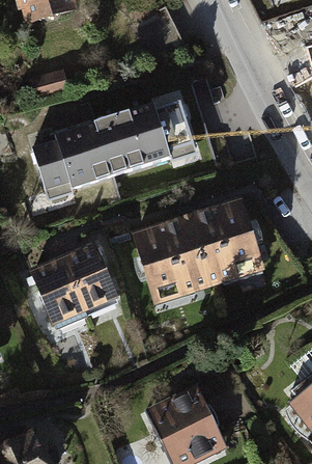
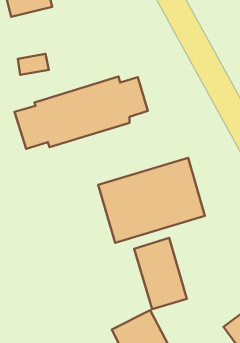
building: [30,243,119,327] -> none
building: none -> [134,238,187,309]

